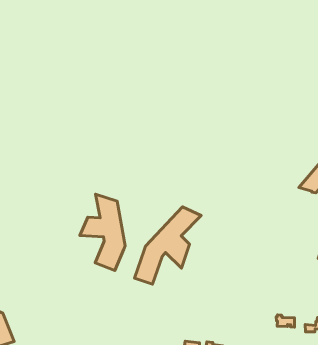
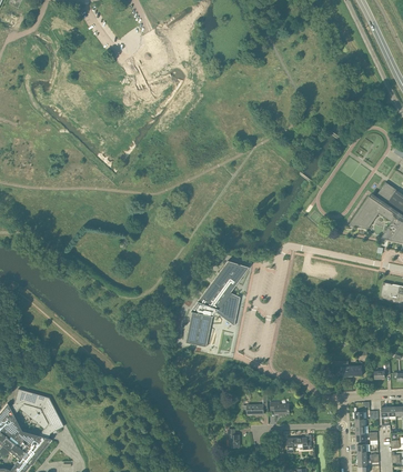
building: [80,194,125,270] -> none

